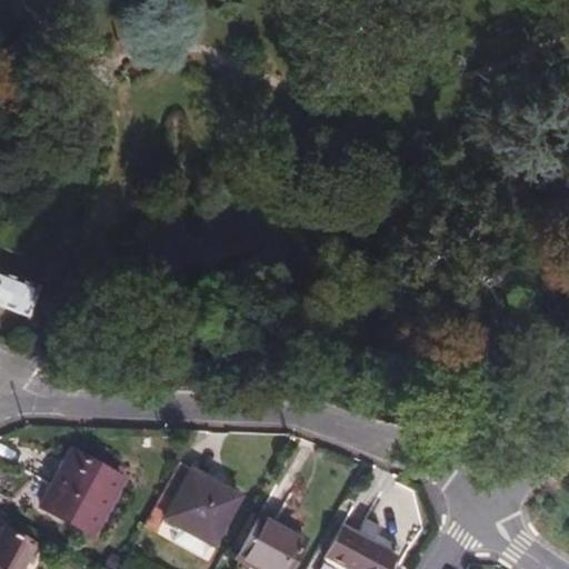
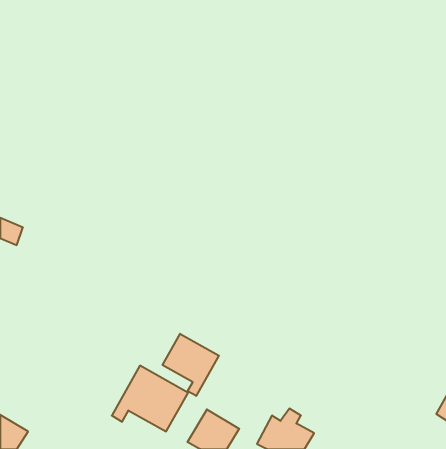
building: none -> [163,334,219,396]
building: [44,450,127,535] -> none

